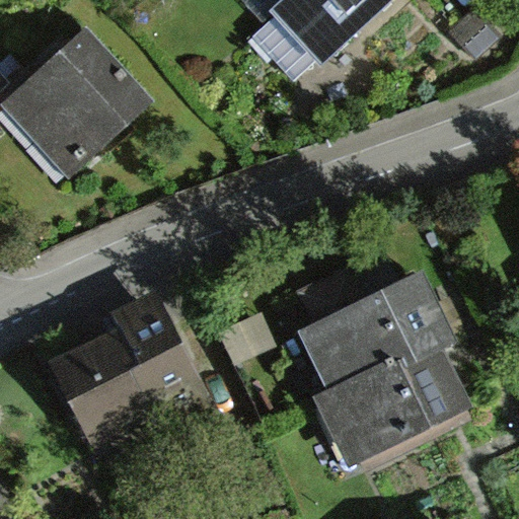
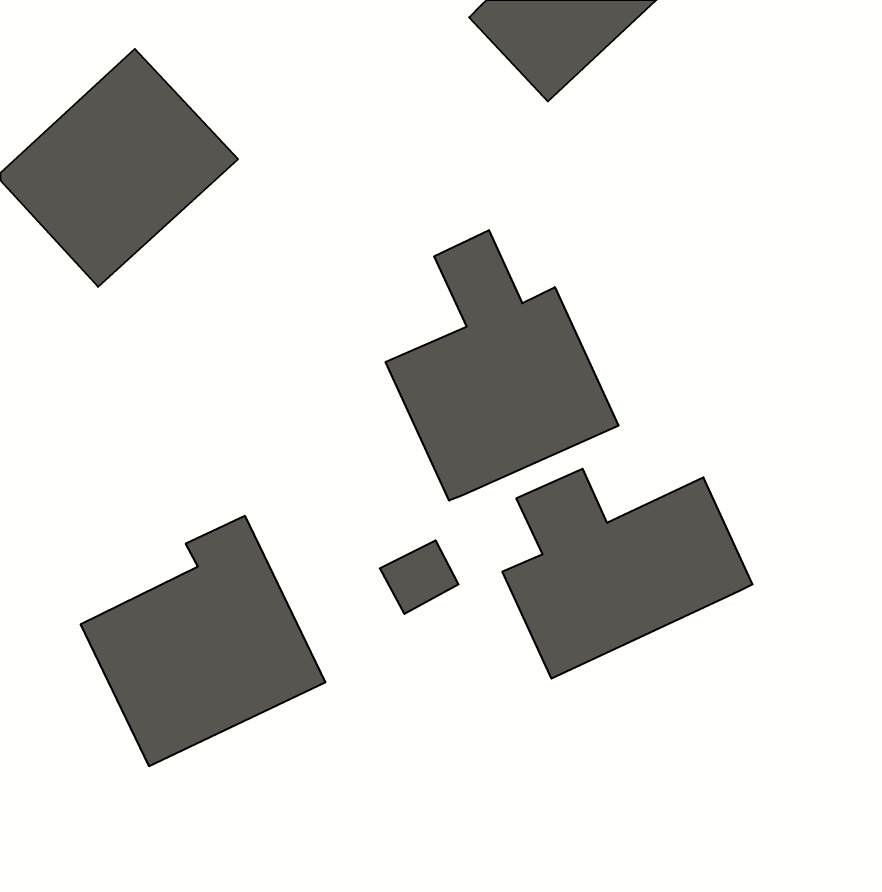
building: none -> [386,230,618,501]
building: [318,344,463,460] -> none

